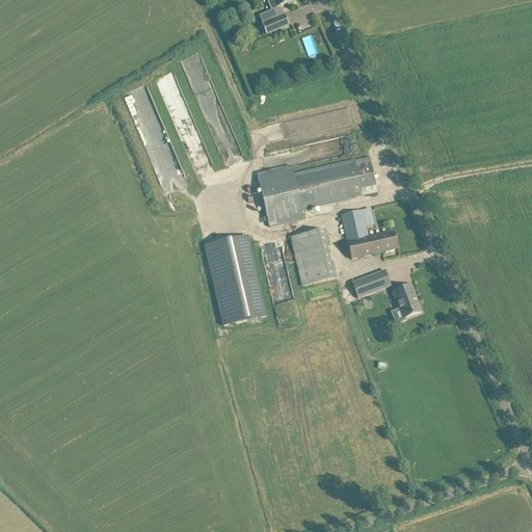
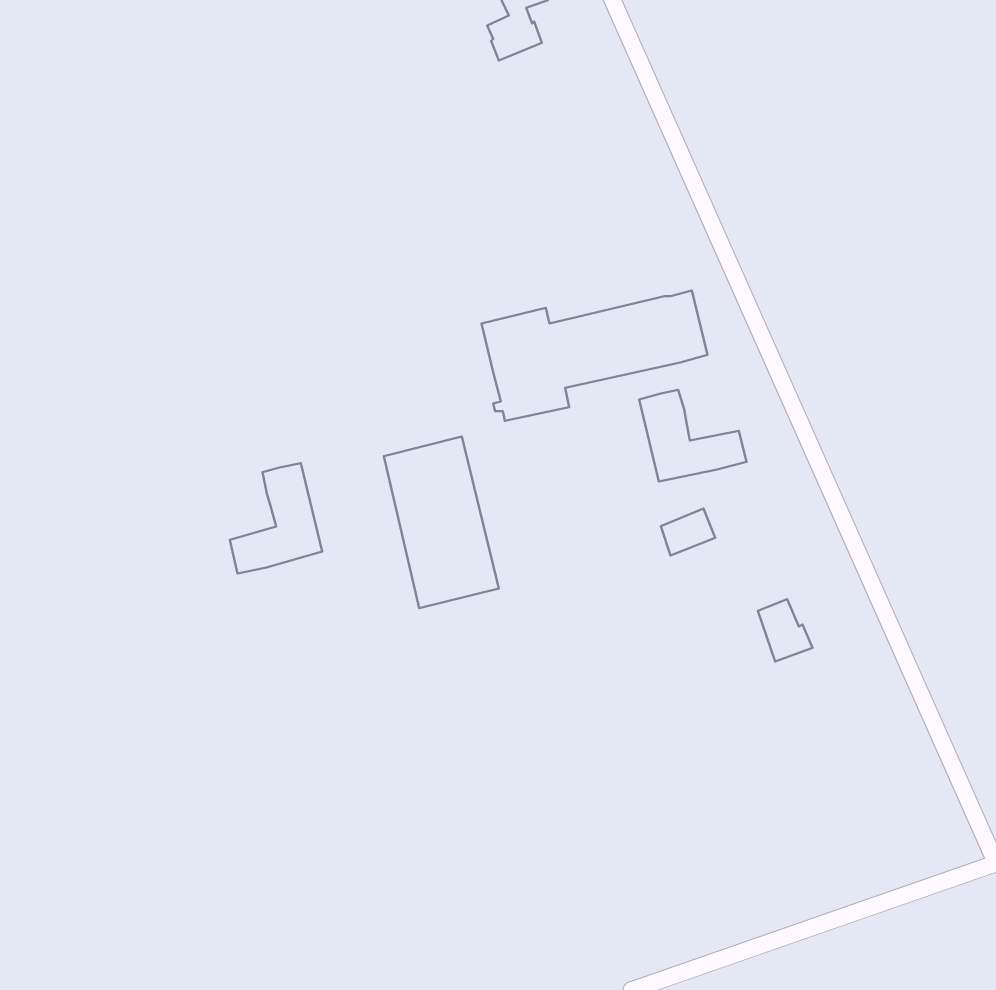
building: [291,228,337,284] -> none
building: none -> [230,463,322,573]
building: [393,284,422,317] -> [758,599,812,662]

